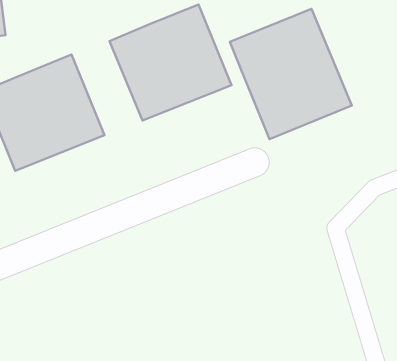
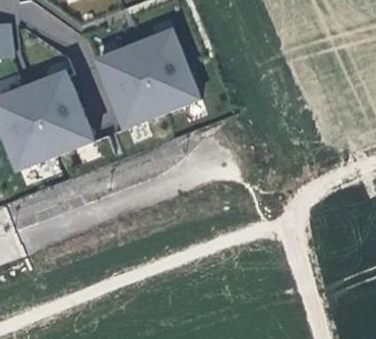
building: [230,9,352,139] -> none

